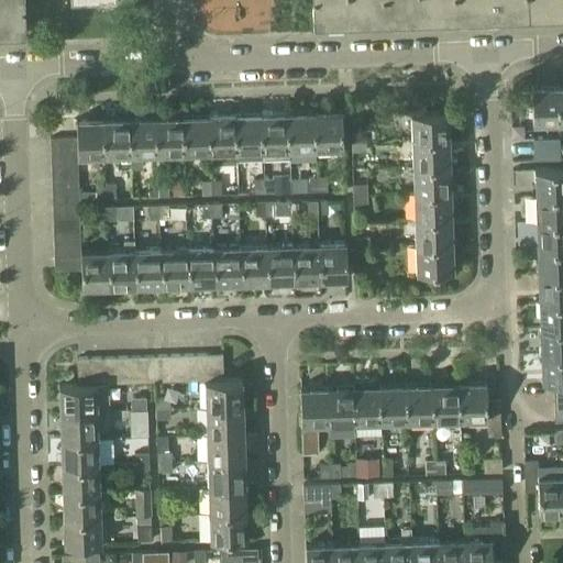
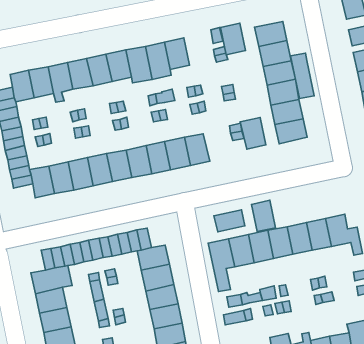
building: [316,114,343,153] -> [221,23,246,55]
building: none -> [290,53,314,99]
building: [319,245,347,284] -> [240,117,266,149]
building: none -> [252,200,275,231]
building: none -> [214,210,245,232]

